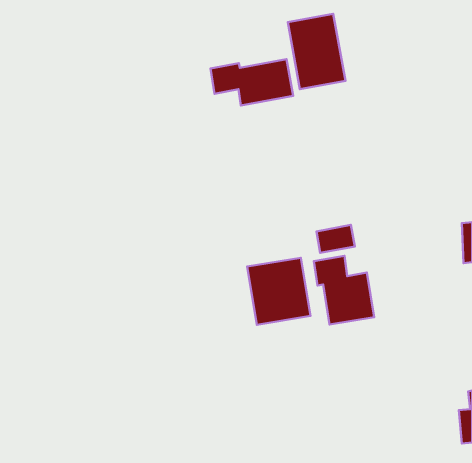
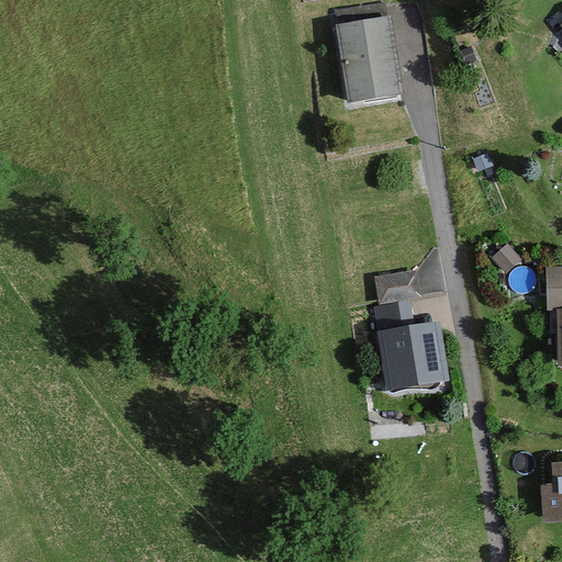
building: [211,59,293,105] -> none
building: [247,258,310,325] -> none

